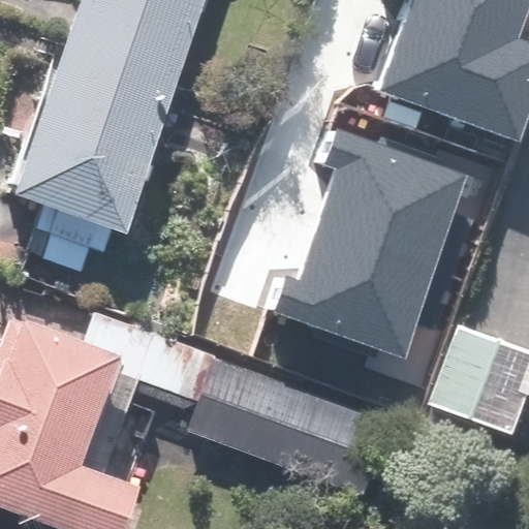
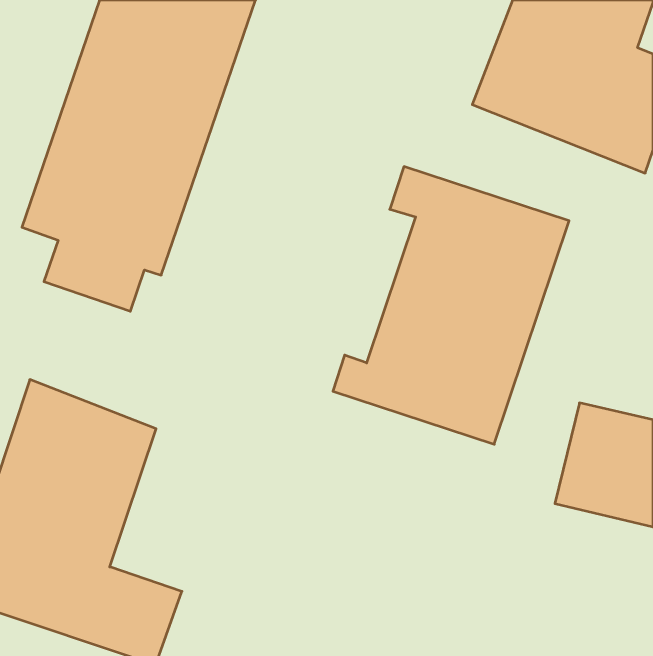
building: [141,333,385,495] -> none

